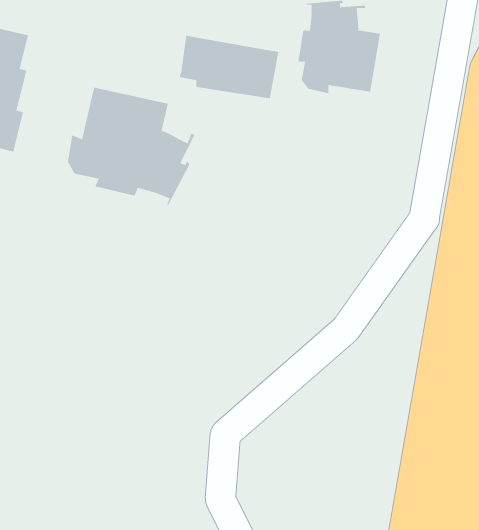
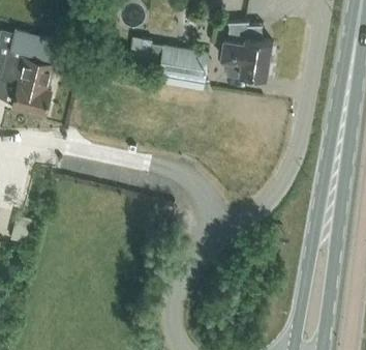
building: [68,87,195,205] -> none

